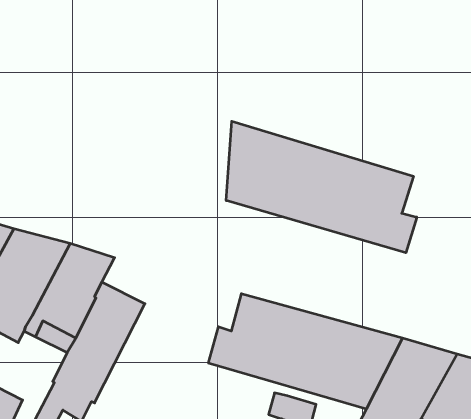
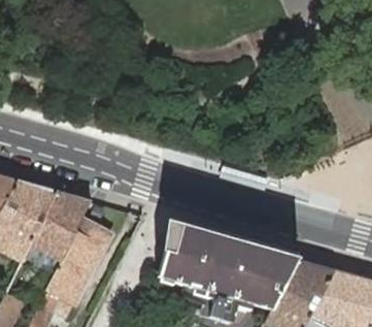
building: [226,121,417,253] -> none

